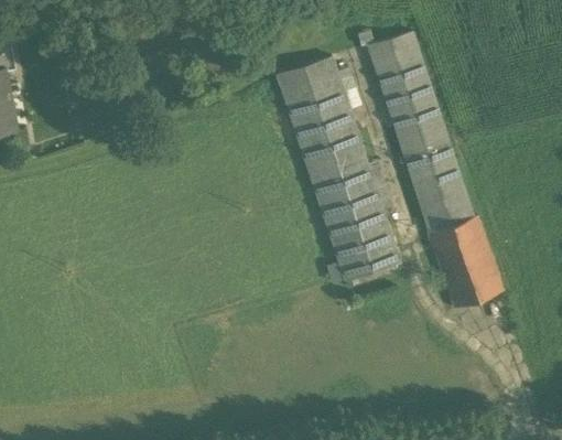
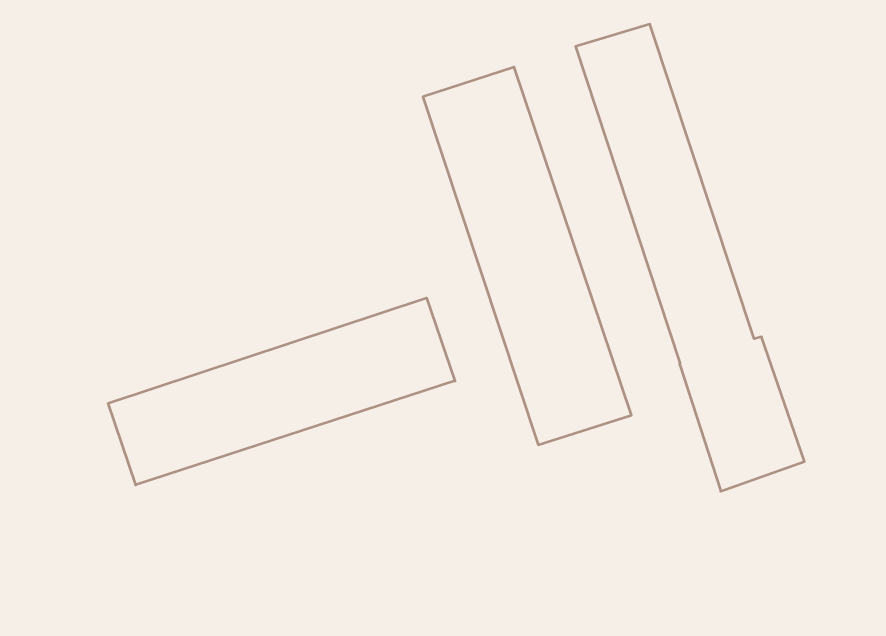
building: none -> [108,298,455,485]

